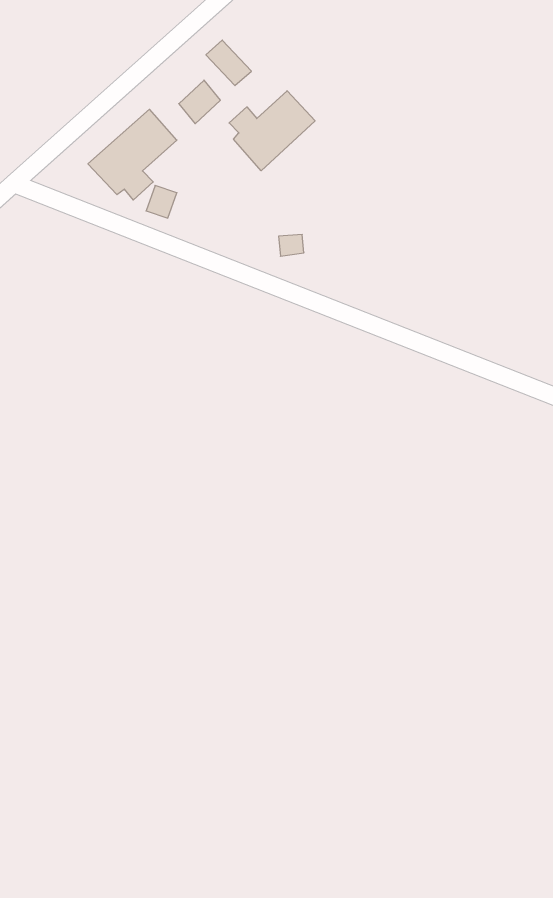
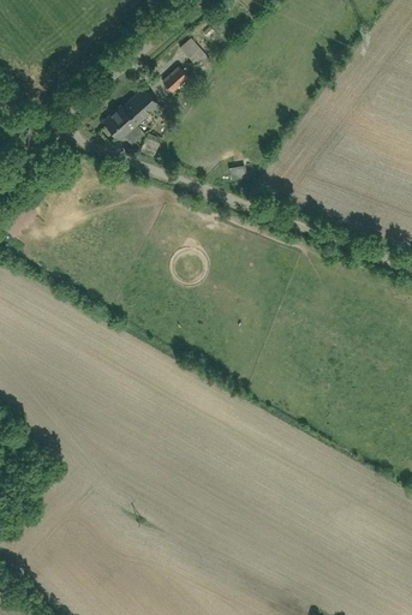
building: [229,91,315,171] -> none

